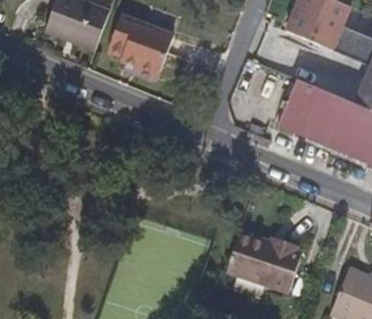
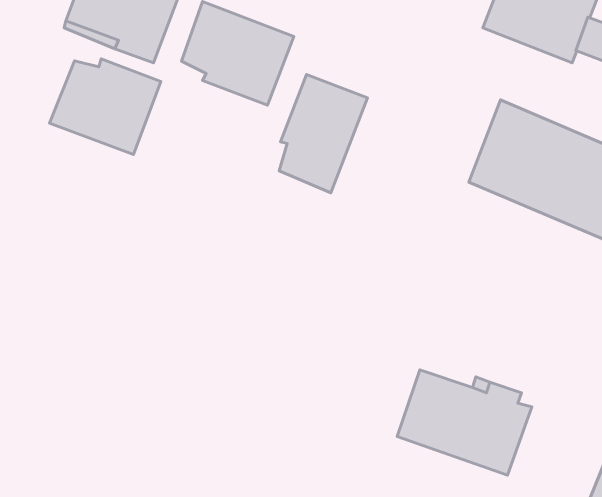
building: none -> [50,59,161,154]
building: none -> [279,74,367,193]

